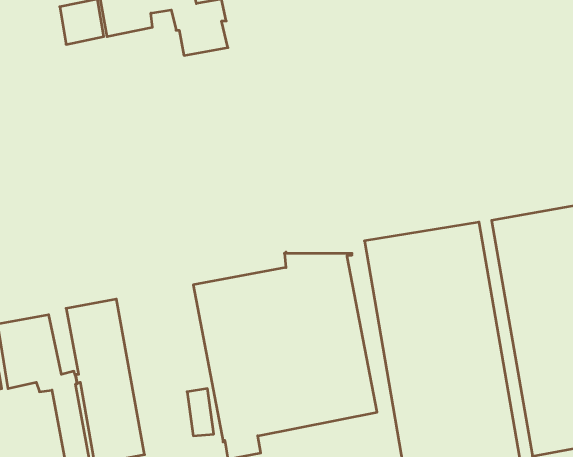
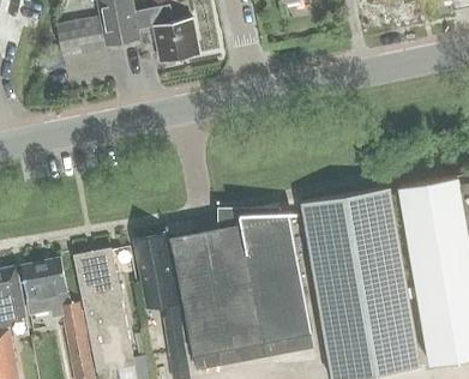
building: none -> [134,235,178,307]

